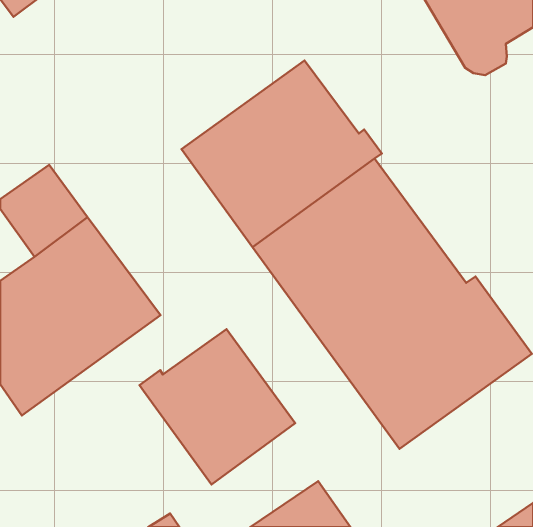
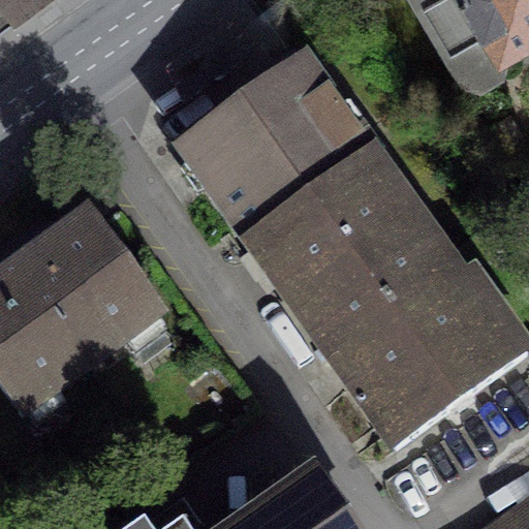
building: [139,329,295,484] -> none

